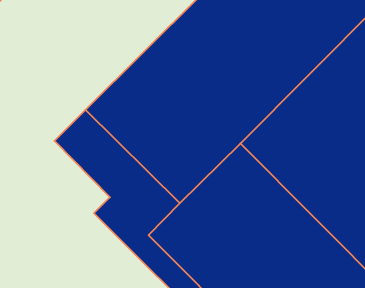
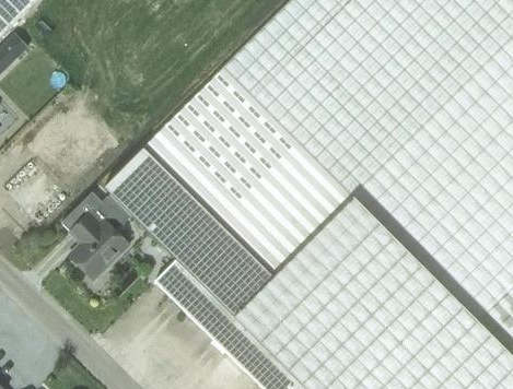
building: none -> [61,191,131,280]

